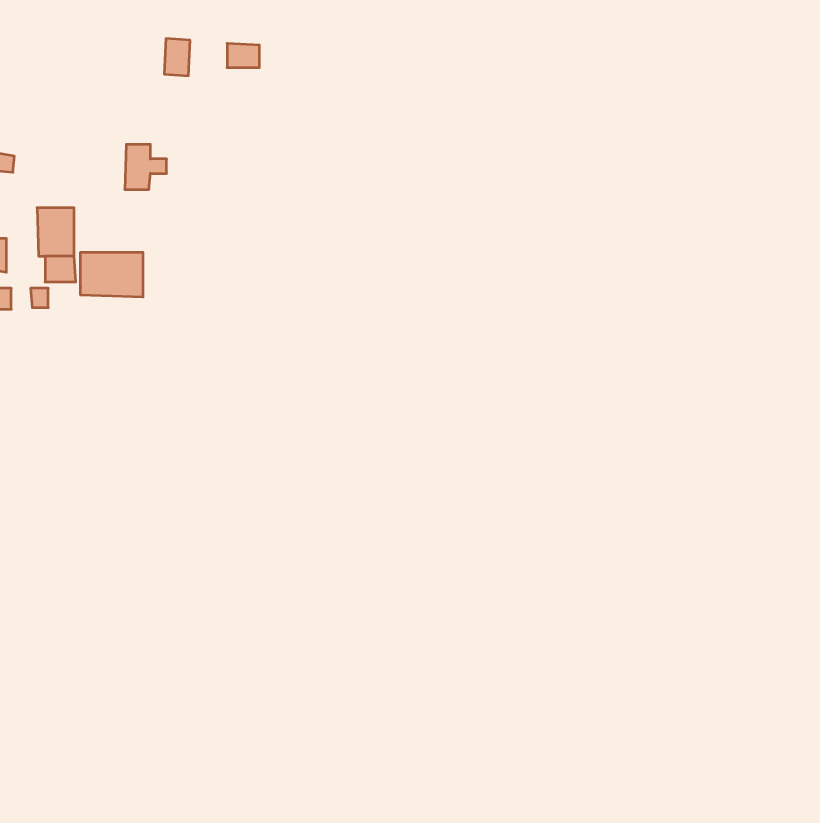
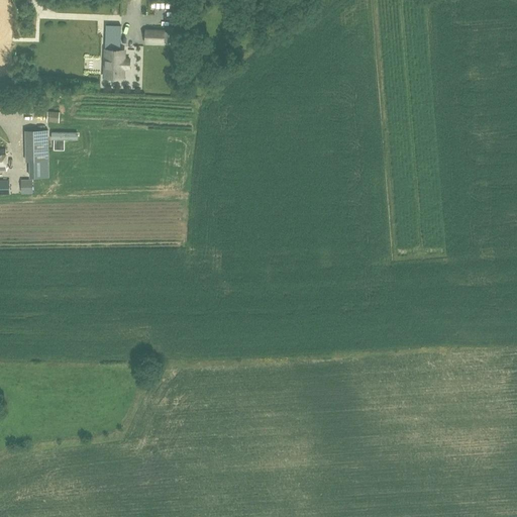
building: [125,144,167,189] -> [102,49,128,78]
building: [81,252,143,297] -> none

